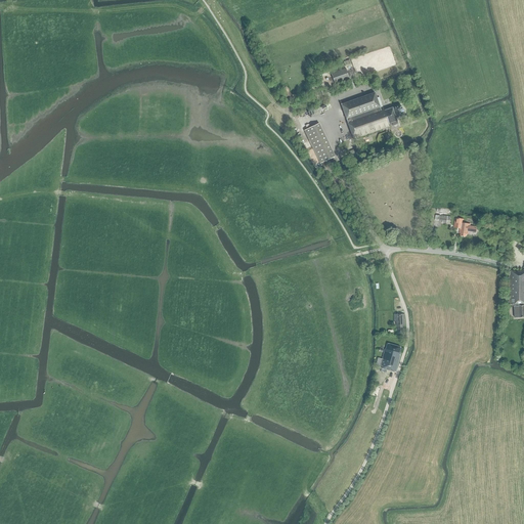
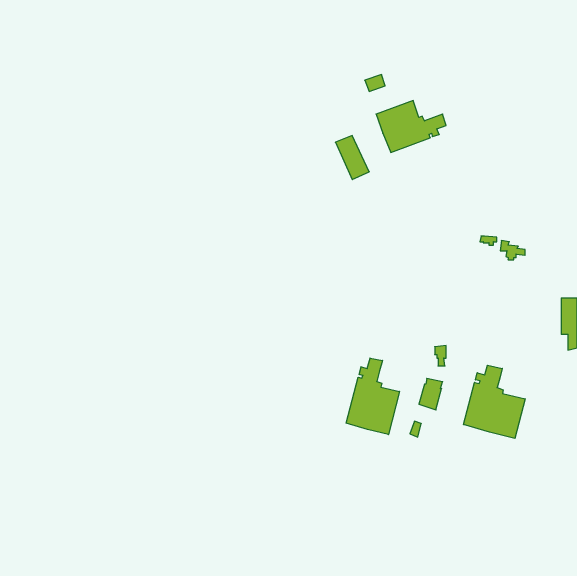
building: none -> [346,358,399,435]
building: none -> [464,365,525,438]

